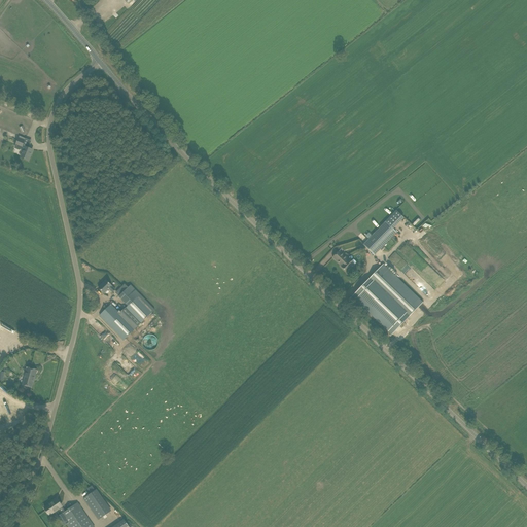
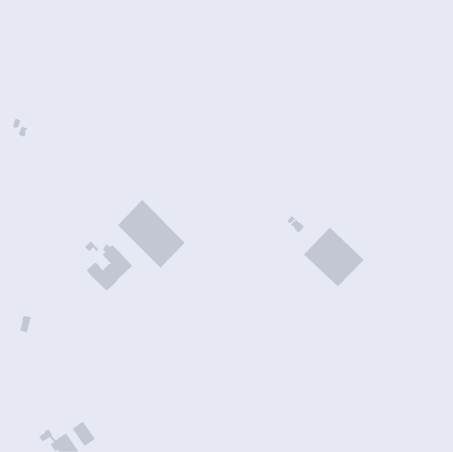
building: [363,220,396,254] -> none
building: none -> [117,199,186,268]

